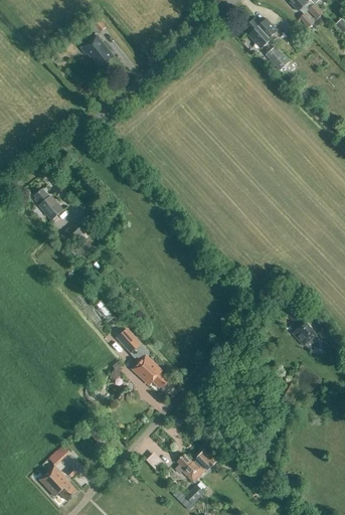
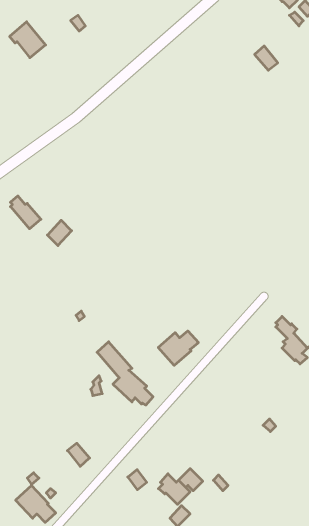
building: [243,17,277,48] -> none
building: [79,34,114,68] -> [10,22,46,58]
building: none -> [158,331,198,365]

